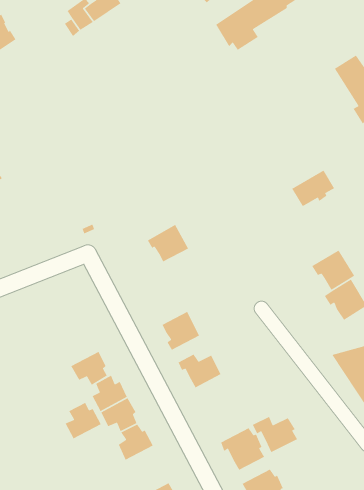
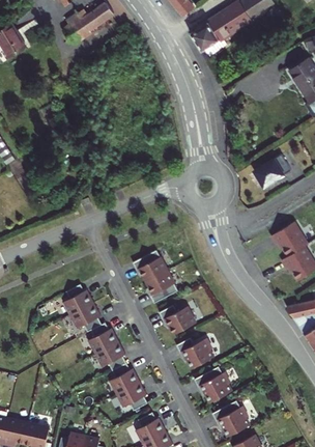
building: [147,224,189,263] -> [132,249,167,281]
building: [64,402,102,439] -> [62,284,93,315]
building: [252,416,298,453] -> [175,337,213,368]
building: none -> [115,382,147,411]

